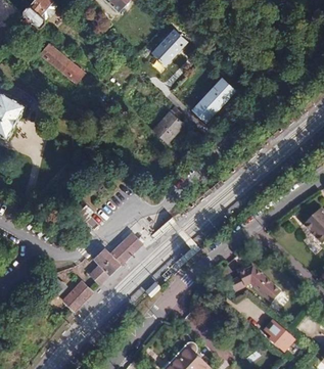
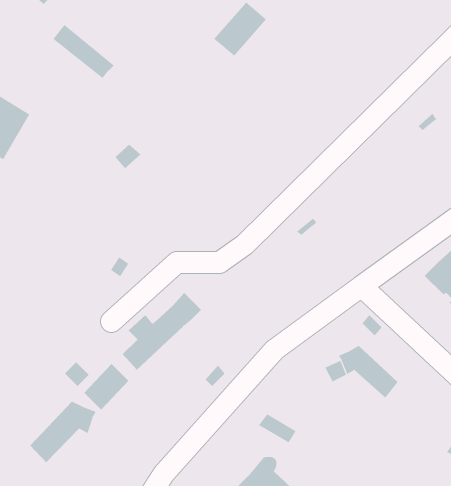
building: [192,76,238,124] -> none
building: [151,111,184,144] -> none
building: none -> [30,401,96,463]
building: [264,321,294,353] -> none

